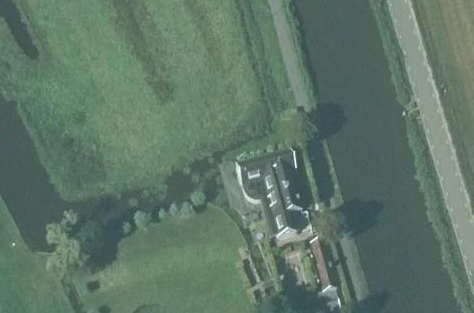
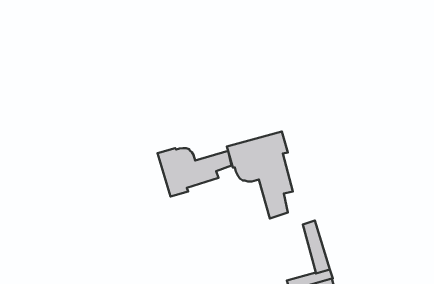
building: none -> [158,148,232,197]

